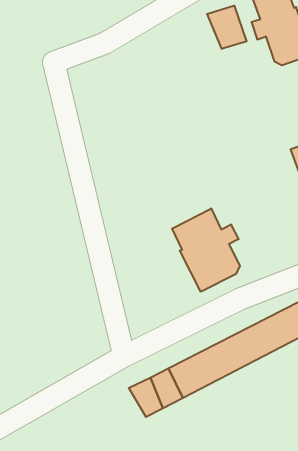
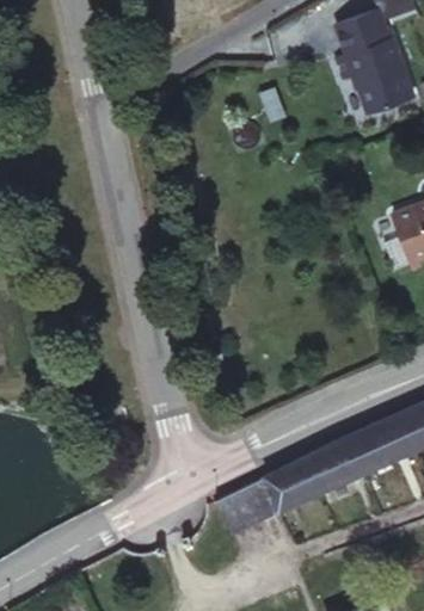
building: [207,6,247,49] -> none
building: [172,208,240,292] -> none

